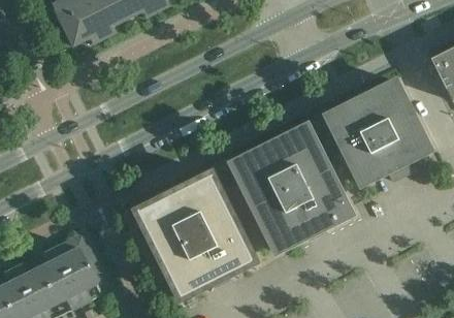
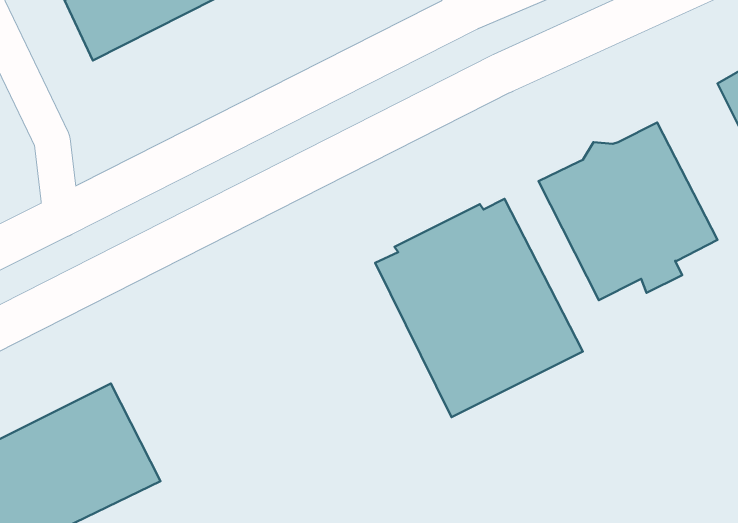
building: [139,172,260,299] -> none

